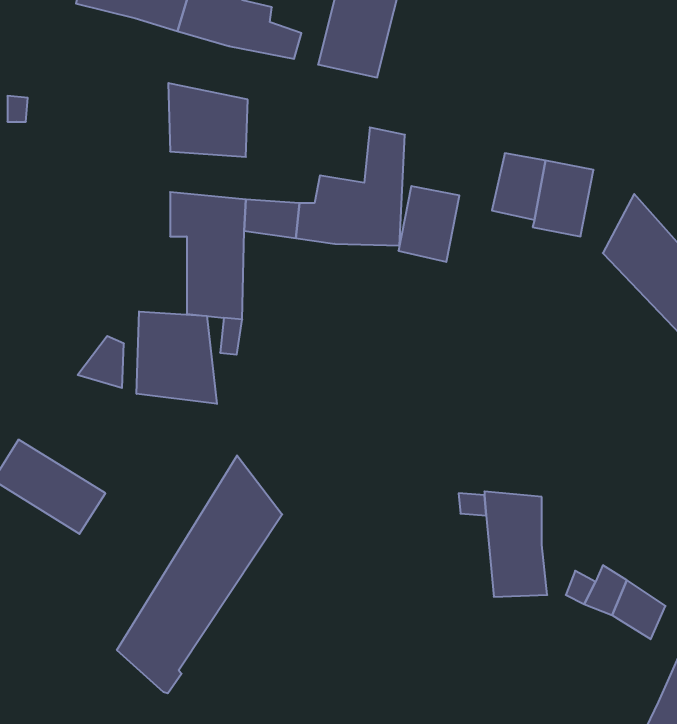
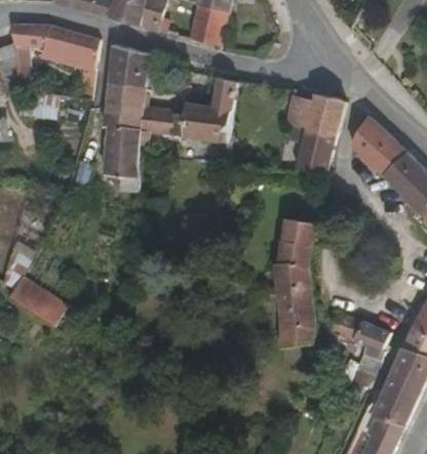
building: none -> [15,37,94,78]
building: none -> [106,98,148,125]
building: [398,186,459,262] -> [300,140,334,182]
building: [137,311,217,404] -> none
building: none -> [278,228,316,290]
building: [117,455,282,693] -> none

